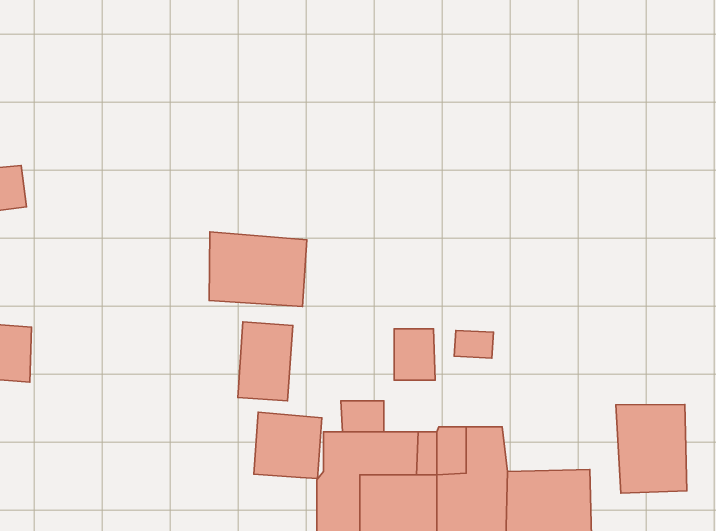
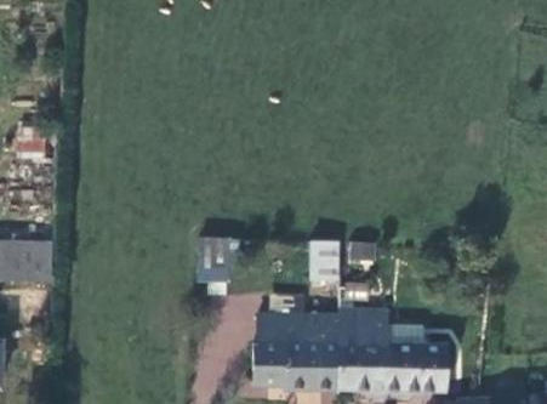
building: [209,232,307,307] -> none
building: [616,405,687,493] -> none
building: [254,412,322,479] -> none

